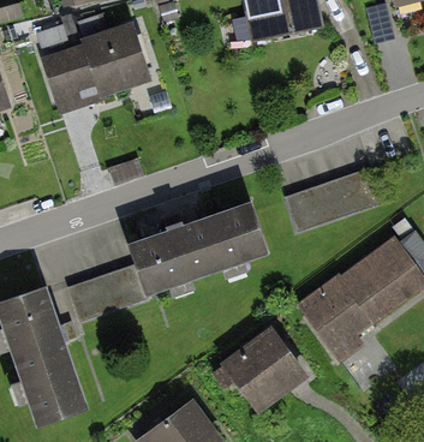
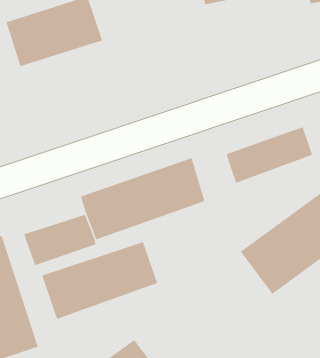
building: none -> [41,241,158,320]
building: [223,332,300,406] -> none

